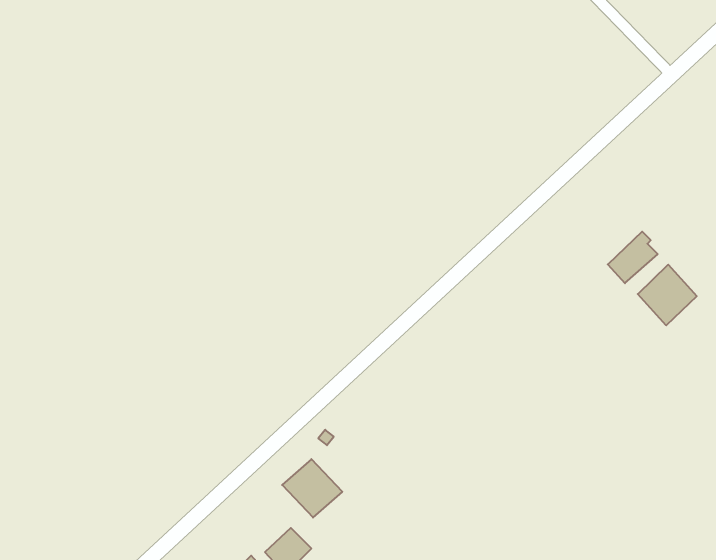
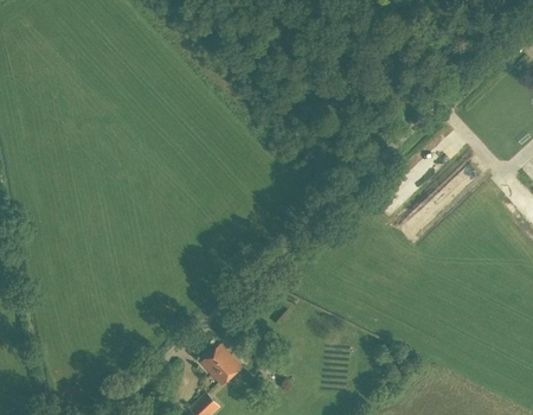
building: [638,265,697,325] -> none

